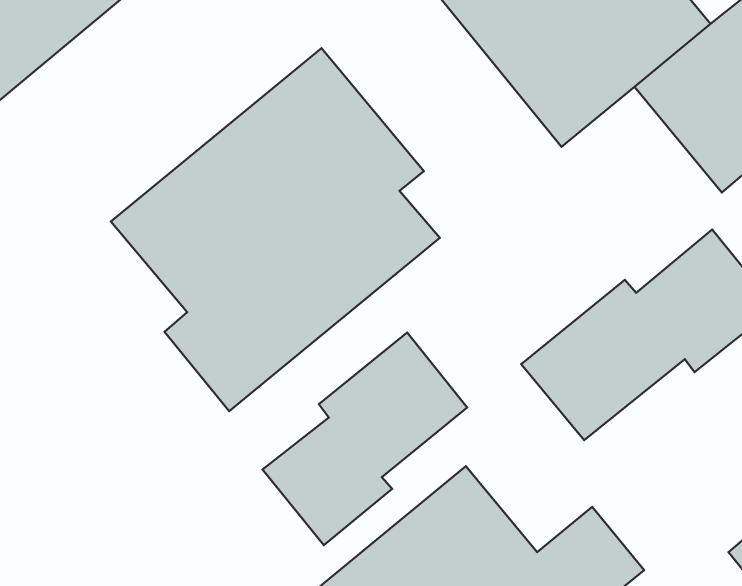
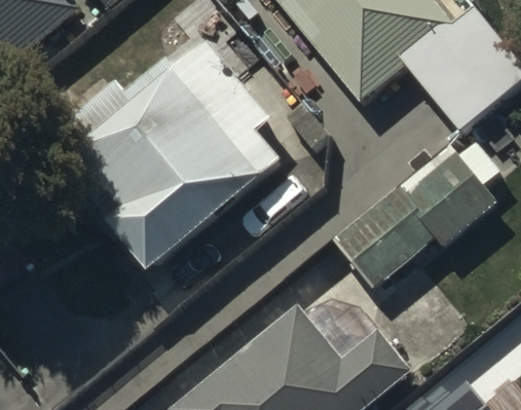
building: [263,332,467,545] -> none

